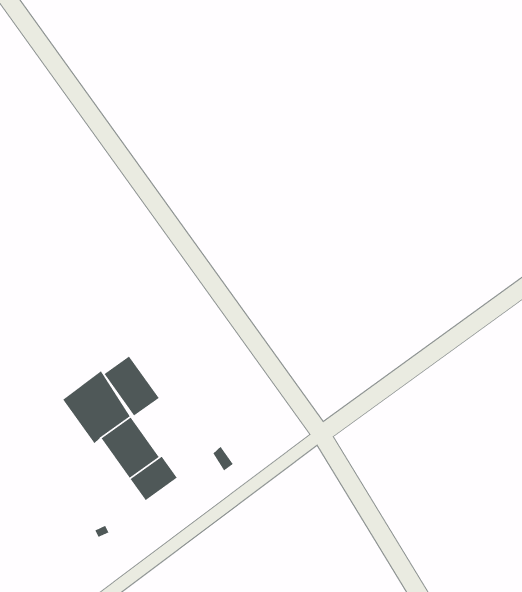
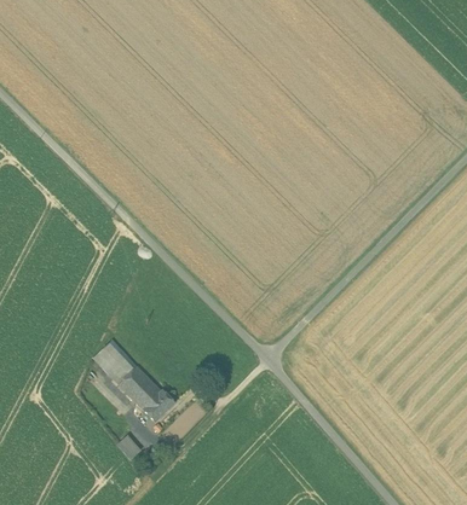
building: [103,355,160,417] -> none

